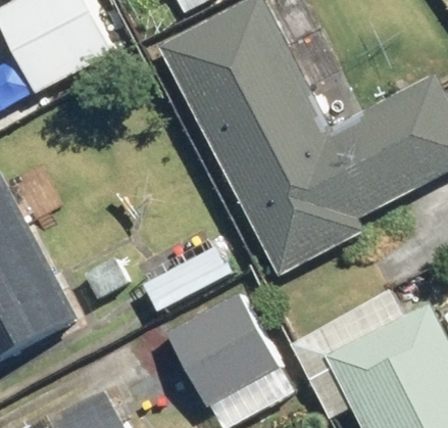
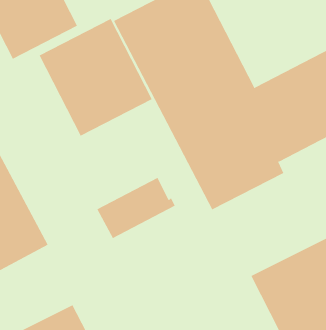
building: none -> [39,18,153,137]
building: [166,294,279,408] -> none

